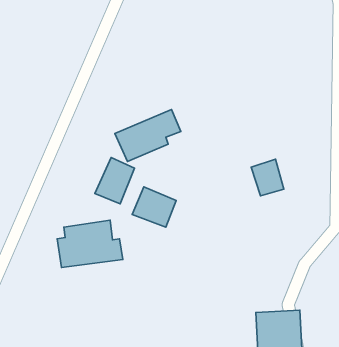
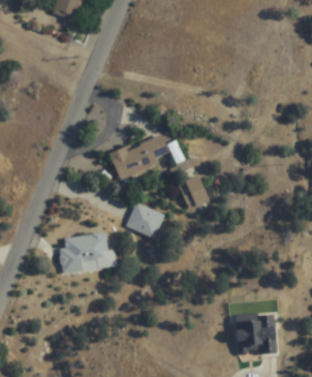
building: [95,158,135,204] -> none
building: [251,159,284,196] -> [179,175,208,208]

